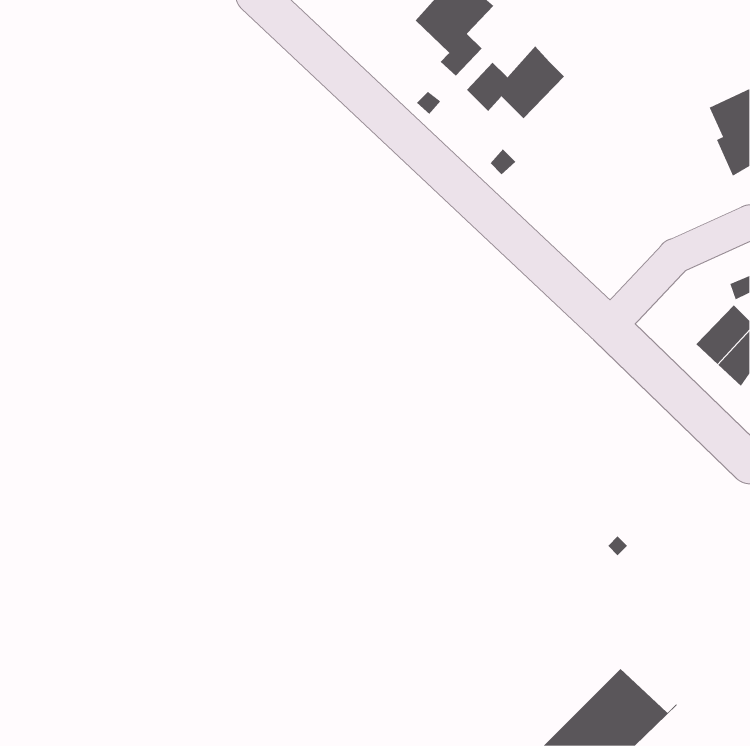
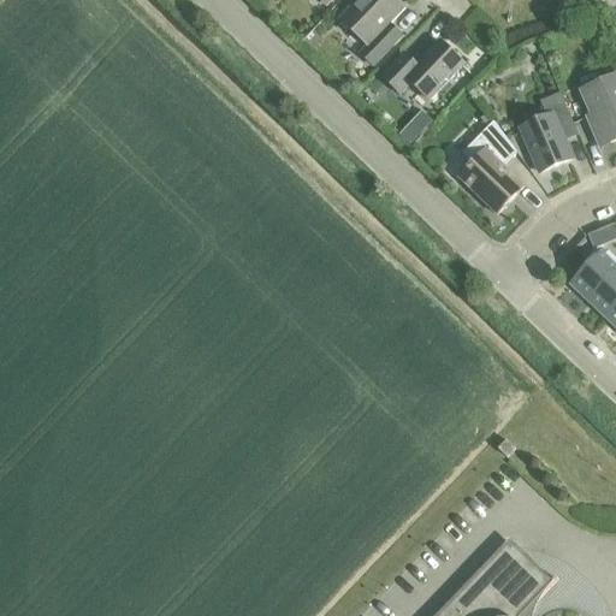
building: none -> [520,90,573,170]
building: none -> [458,119,523,212]

